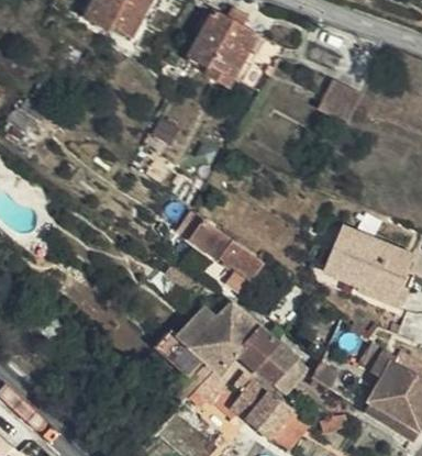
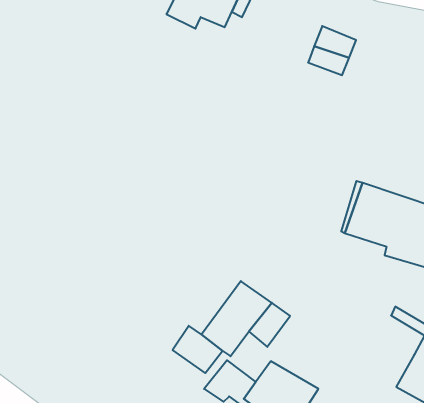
building: [195,219,259,280] -> none
building: [248,336,306,392] -> none

